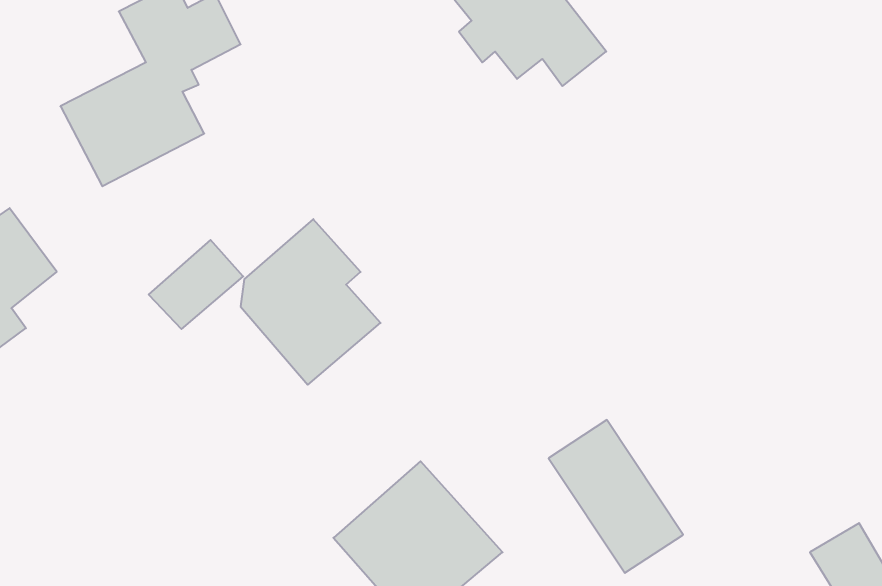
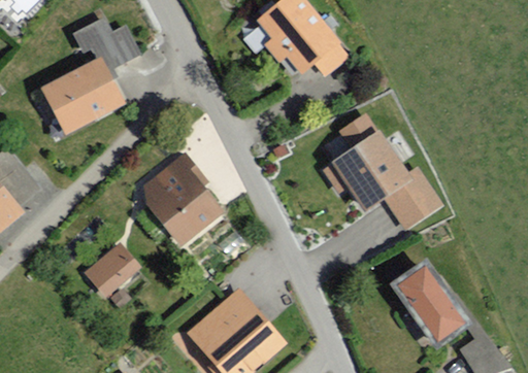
building: none -> [323,127,443,225]
building: [149,240,243,329] -> [86,239,139,290]
building: [549,420,683,573] -> [390,255,466,341]

